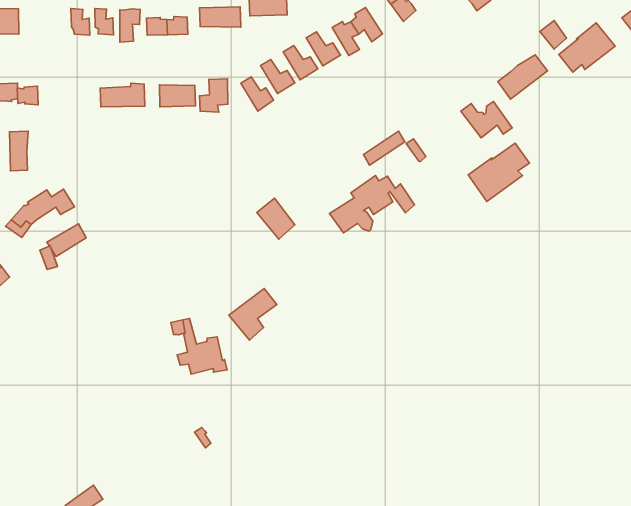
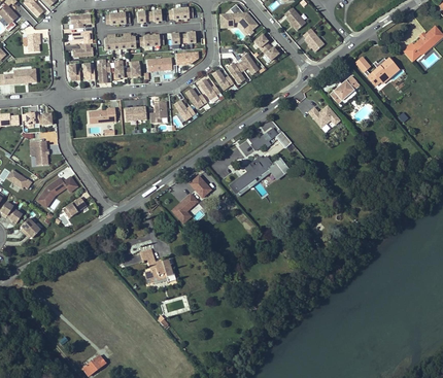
building: [468,143,530,202] -> none
building: [229,288,277,340] -> [170,192,199,224]

